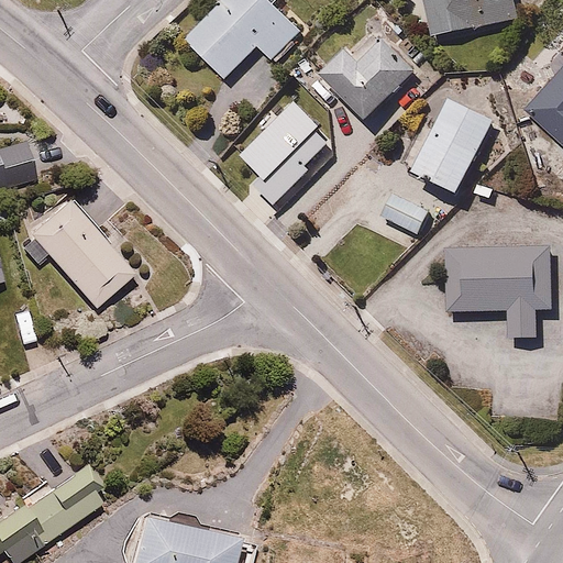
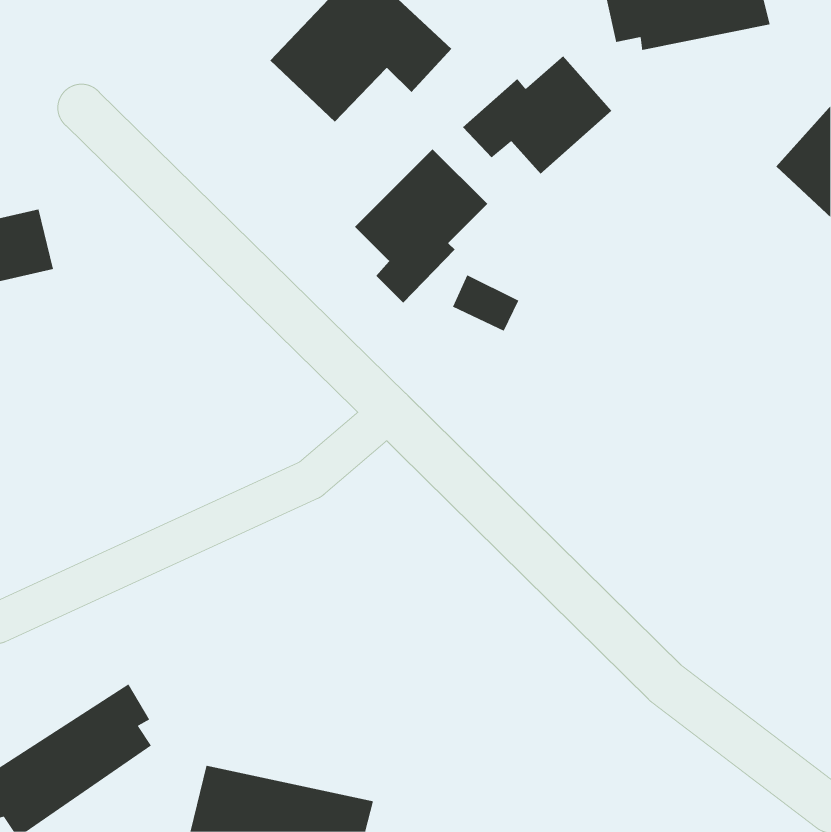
building: [411,95,496,195] -> none
building: [379,194,424,232] -> [452,274,519,331]
building: [27,196,135,307] -> none
building: [444,243,551,335] -> none

